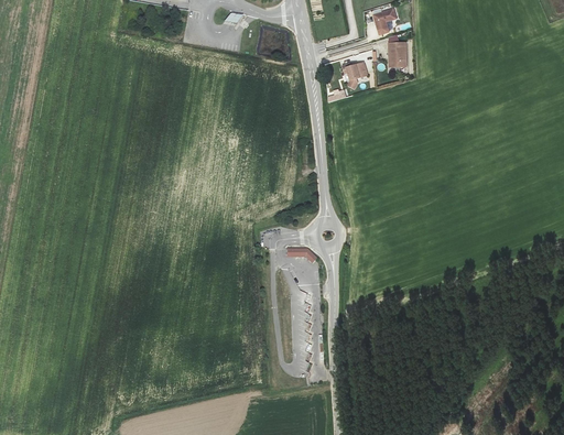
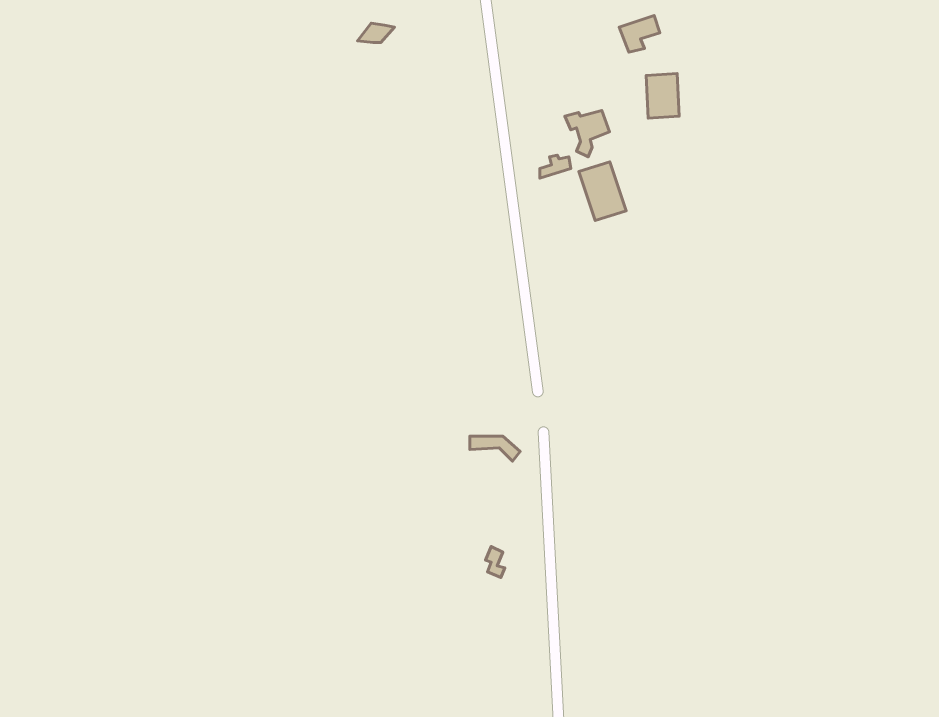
building: none -> [579,162,626,221]

